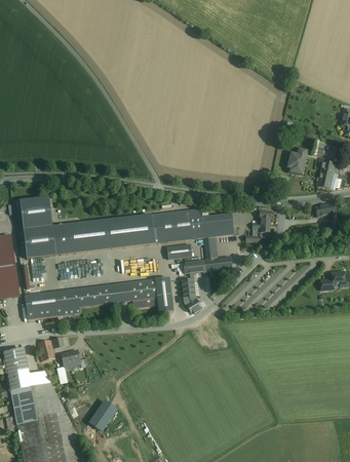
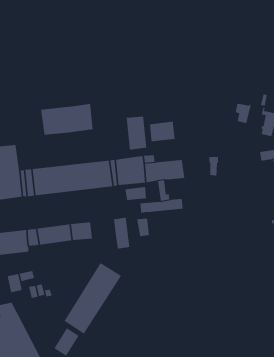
building: none -> [41,103,93,136]
building: none -> [126,116,147,150]
building: none -> [149,121,175,142]
building: [130,279,157,301] -> none
building: none -> [64,262,122,335]

